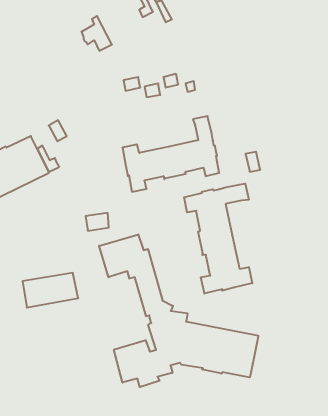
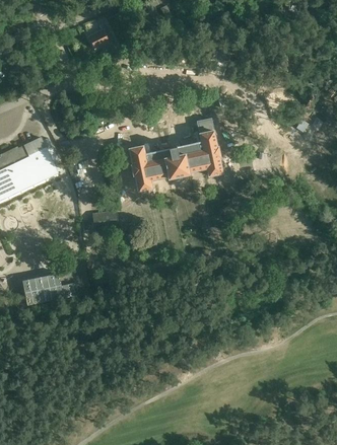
building: [184,184,252,294] -> none
building: [99,234,258,387] -> none

